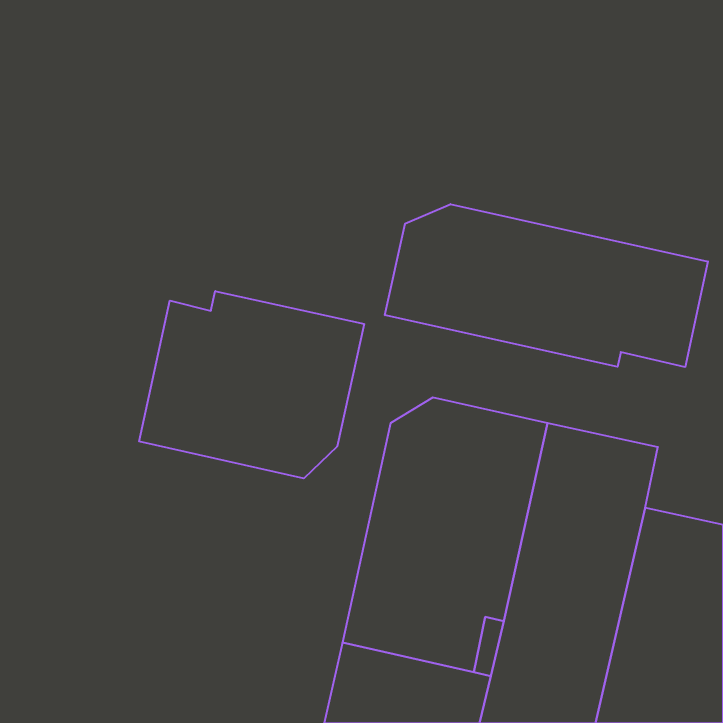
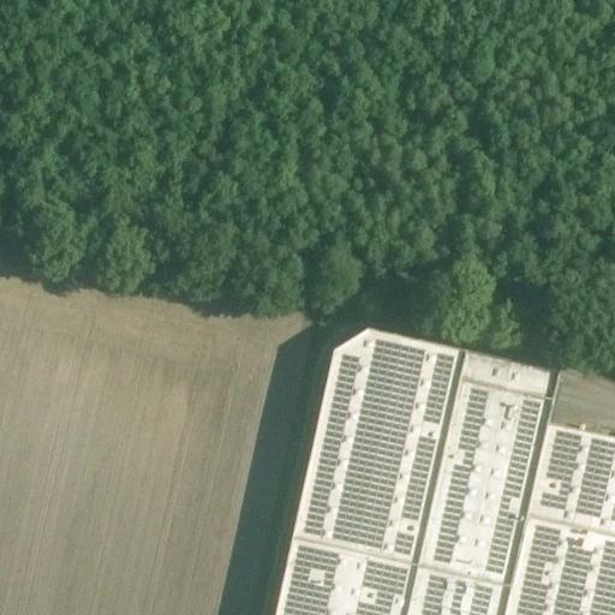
building: [385,204,708,367] -> none
building: [139,291,364,478] -> none

